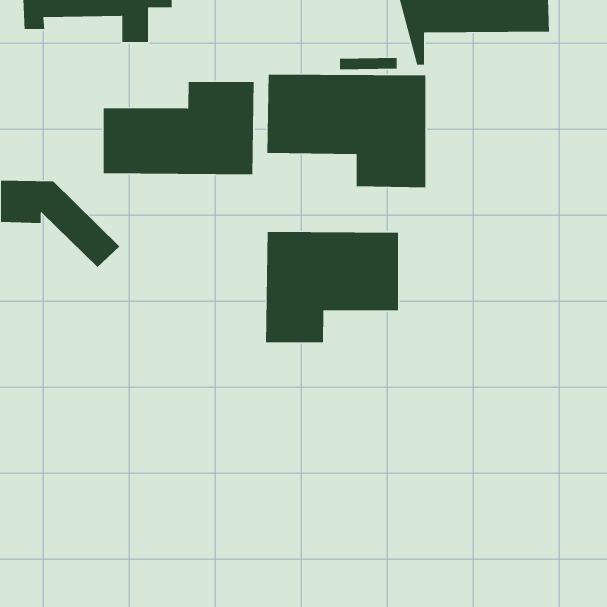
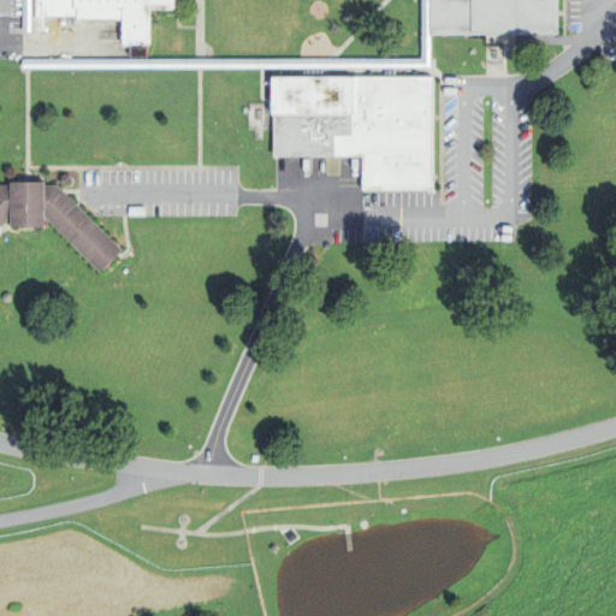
building: [103,81,255,175] -> none
building: [265,231,399,343] -> none

